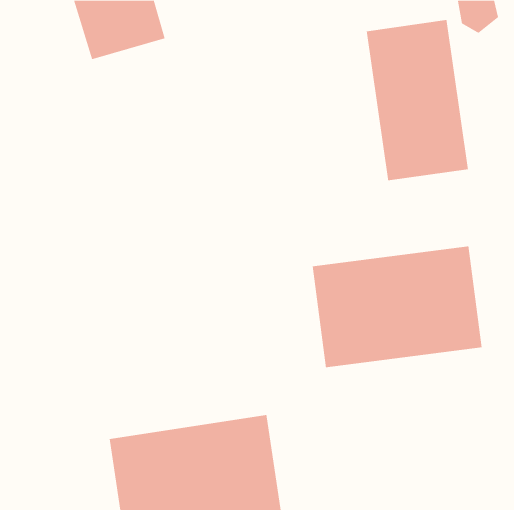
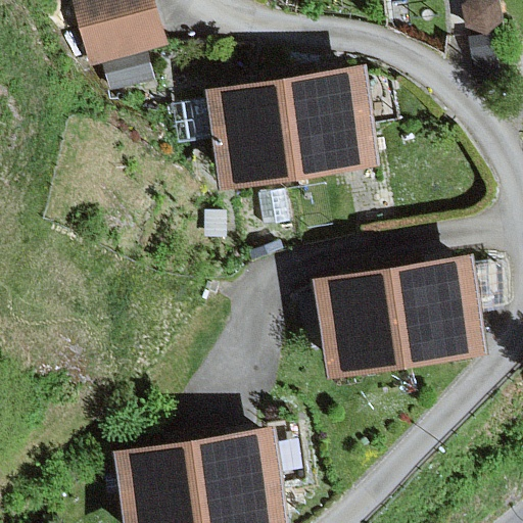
building: [366,19,468,181] -> none
building: none -> [213,67,382,181]

